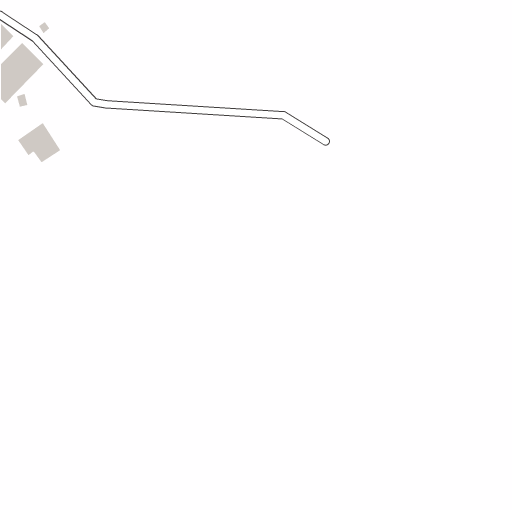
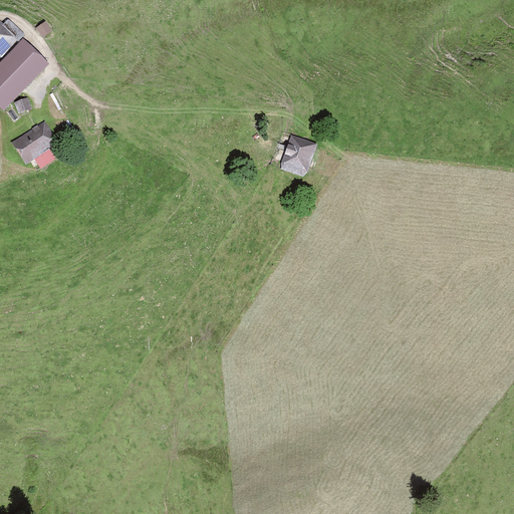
building: none -> [282,137,312,173]

